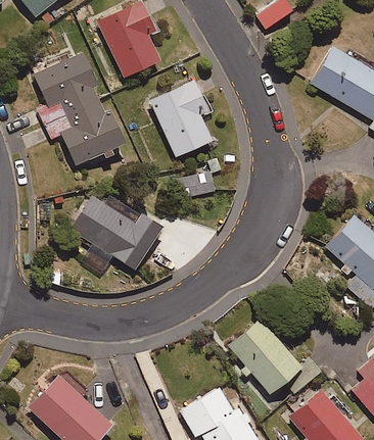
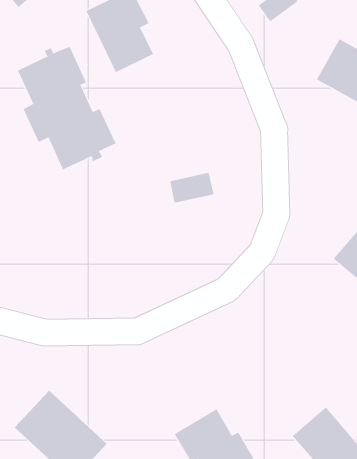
building: [147,81,212,158] -> none
building: [71,198,160,271] -> none
building: [227,321,321,398] -> none

